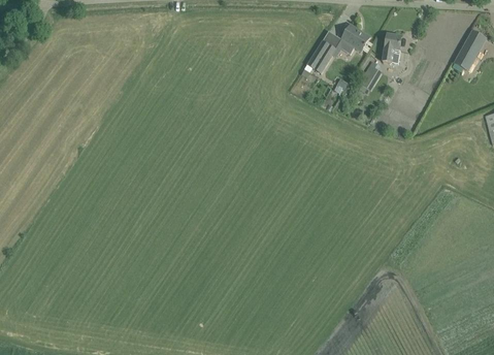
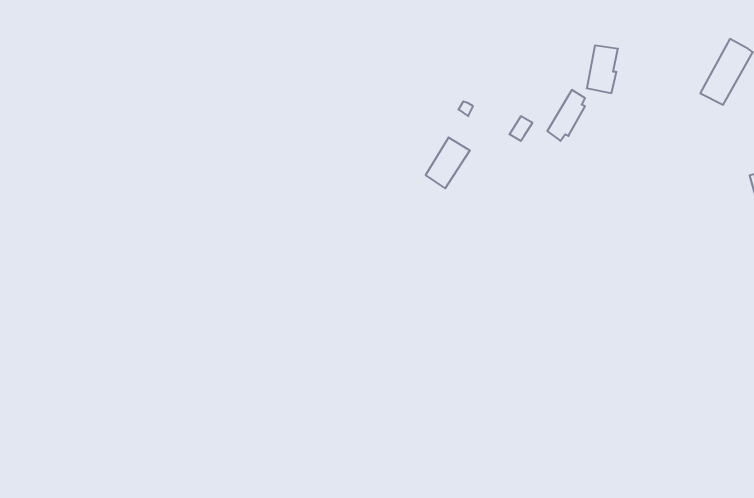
building: [337,24,369,53] -> none
building: [307,40,335,72] -> [426,137,470,188]

